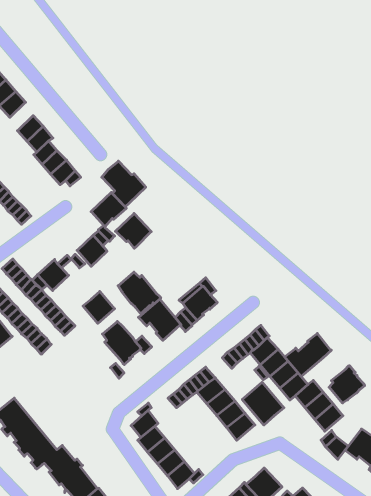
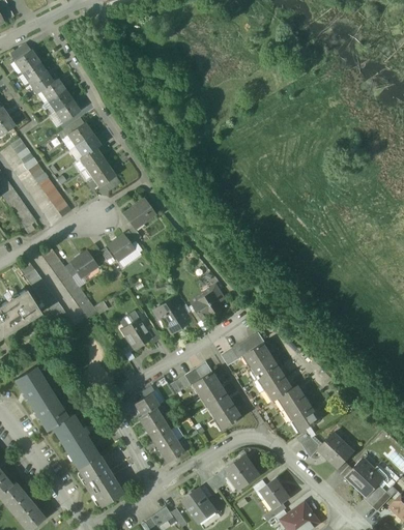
building: [102,161,146,207] -> none
building: [115,213,151,248] -> none
building: [118,272,161,313] -> none
building: [83,291,115,323] -> none
building: [285,333,331,376] -> none
building: [329,366,365,403] -> none
building: [242,382,284,425] -> none

